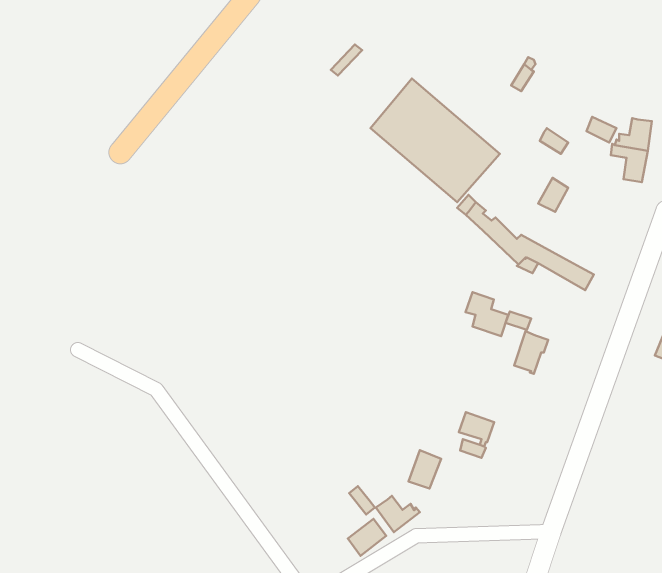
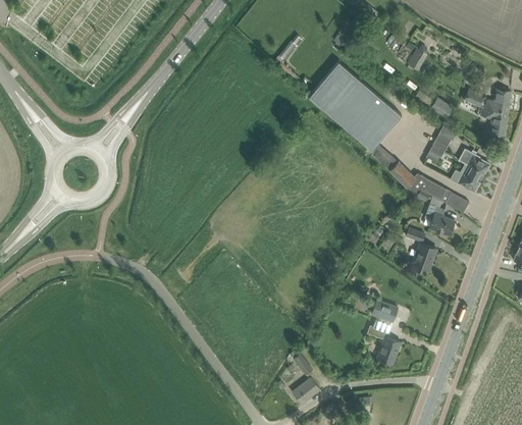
building: none -> [458,148,489,193]
building: [466,292,508,336] -> [424,204,455,235]
building: [408,450,441,489] -> [377,336,401,364]
building: [376,496,420,532] -> none

